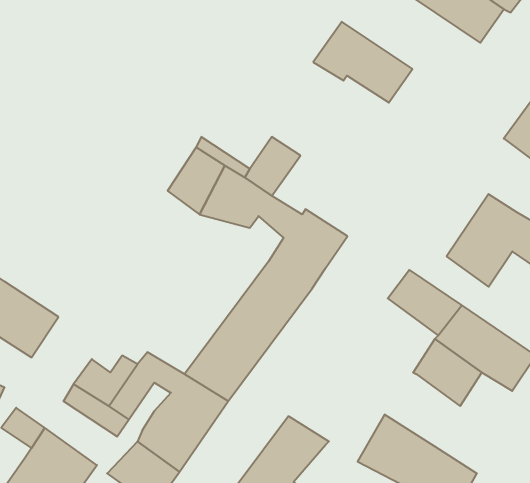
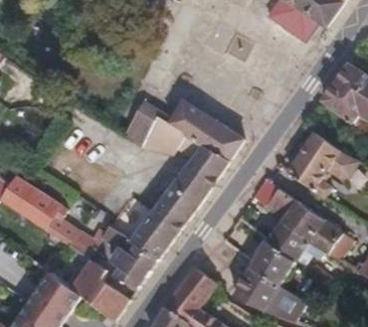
building: [313,22,412,103] -> [184,110,243,158]
building: none -> [251,238,297,284]

